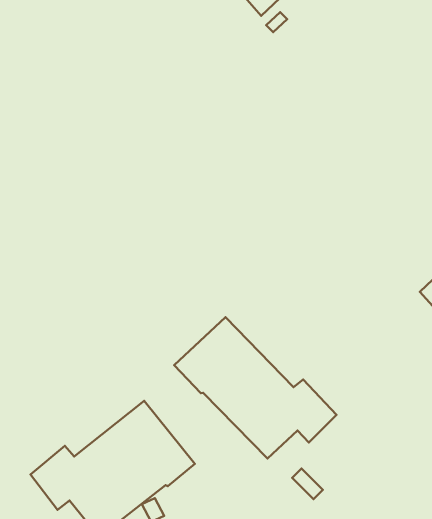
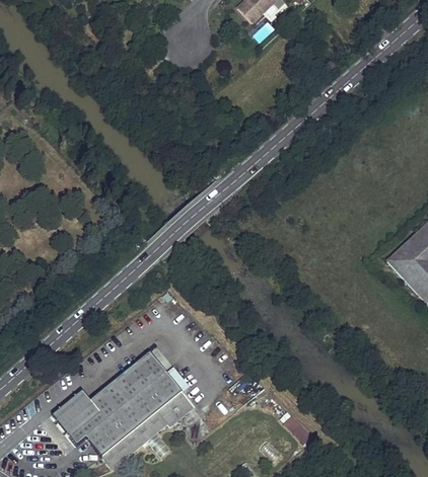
building: [174,317,336,459] -> none

